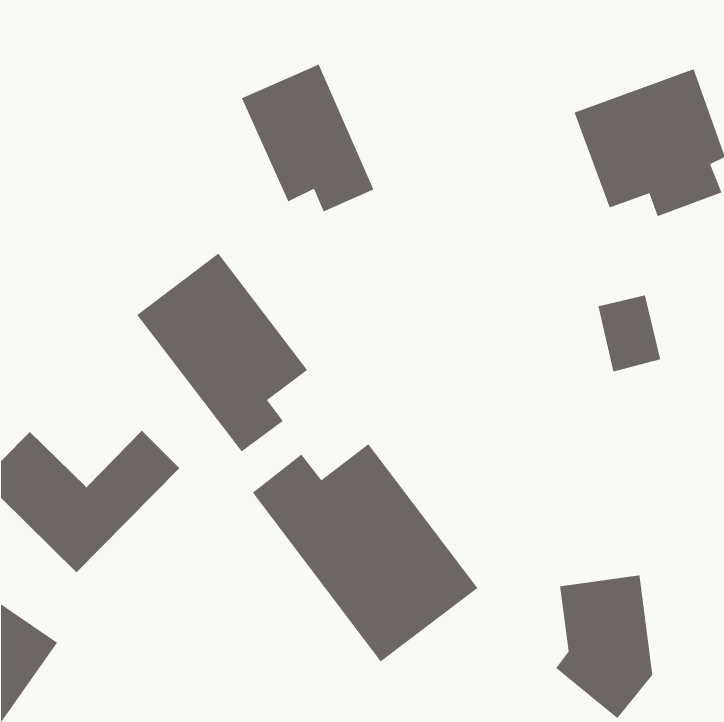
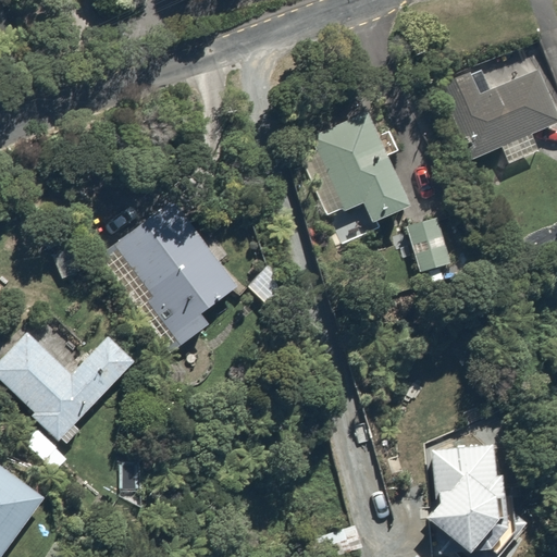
building: [241,64,374,213] -> [305,104,407,219]
building: [597,295,661,373] -> [405,216,454,276]
building: [252,443,479,663] -> none

